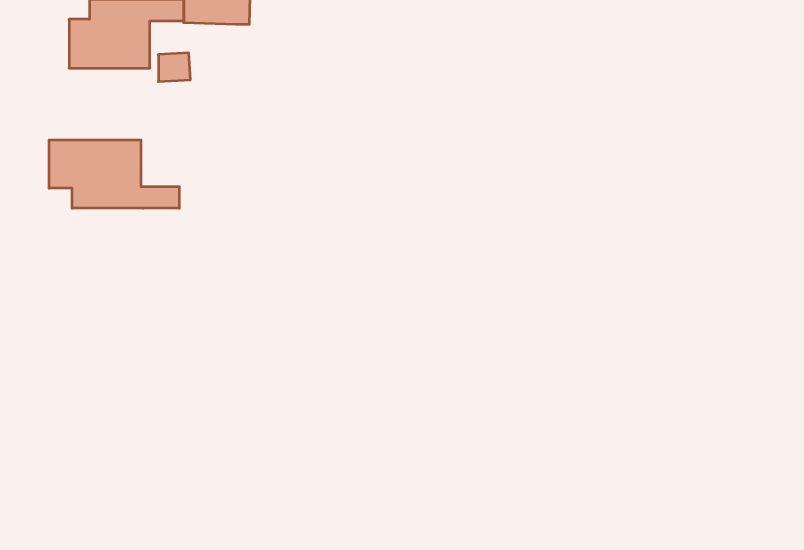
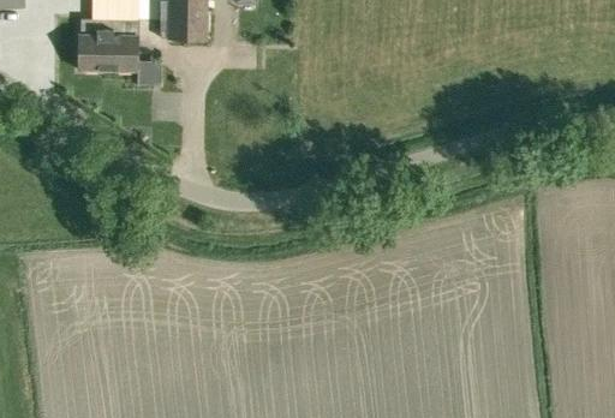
building: [49,140,179,208] -> none

